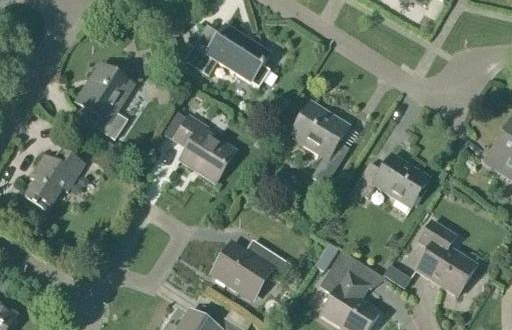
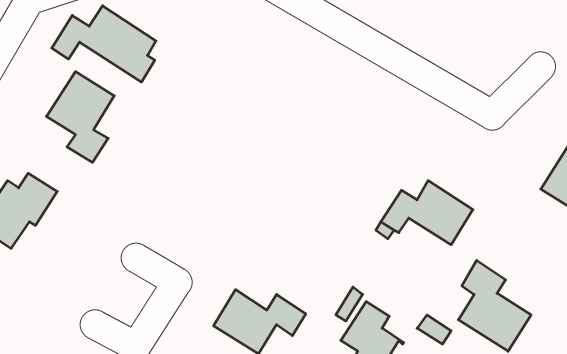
building: [183,24,269,87] -> [52,6,156,82]
building: [290,102,347,184] -> none
building: [173,114,235,181] -> none

